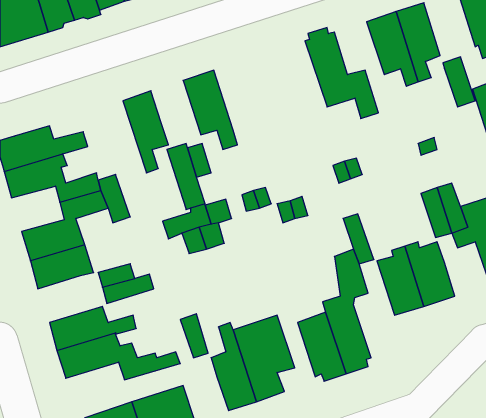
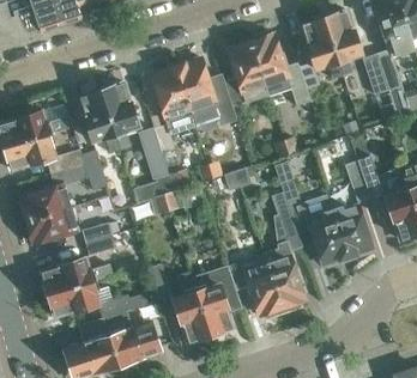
building: none -> [229,41,268,102]
building: none -> [176,57,237,124]
building: none -> [79,90,121,152]

